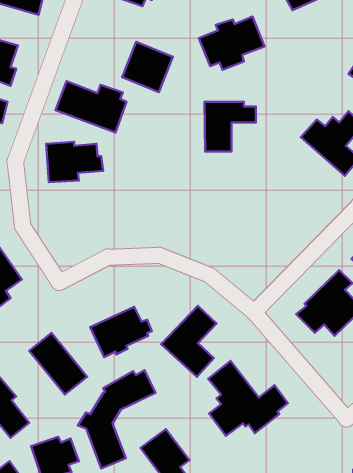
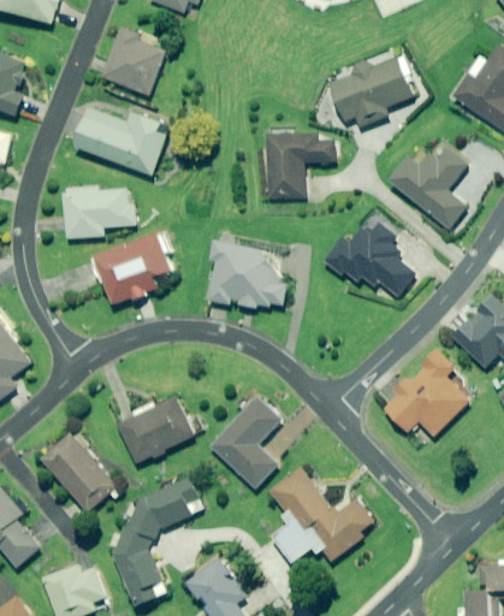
building: [199,17,265,70] -> [327,58,411,126]
building: [122,42,173,92] -> [102,30,167,95]
building: none -> [328,224,415,295]
building: none -> [95,233,174,304]
building: none -> [208,242,286,309]

